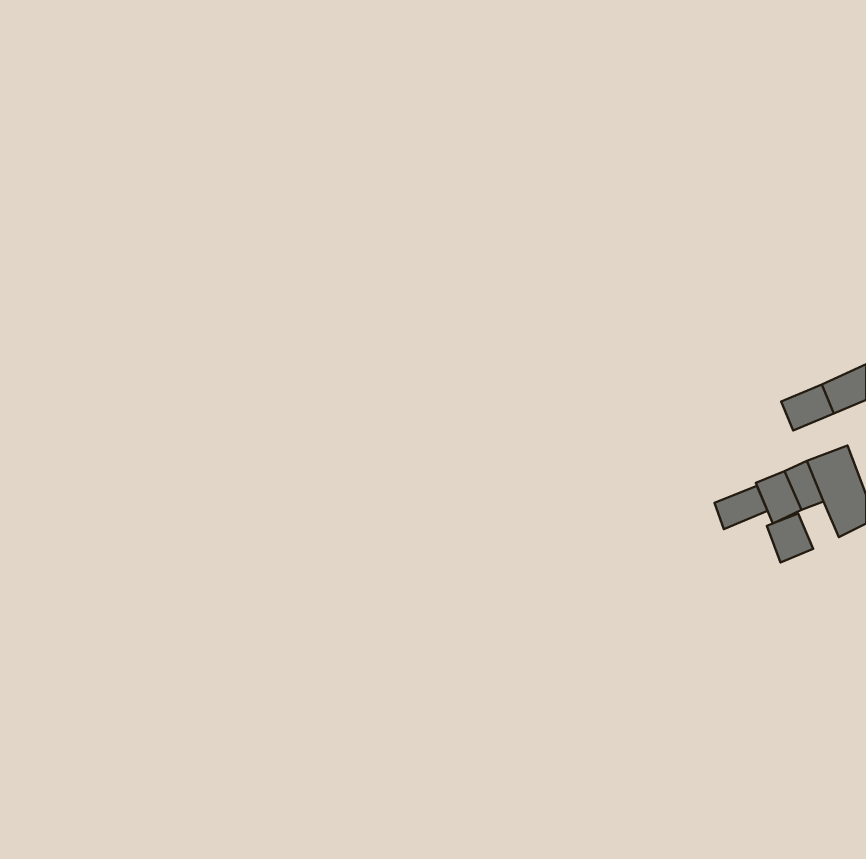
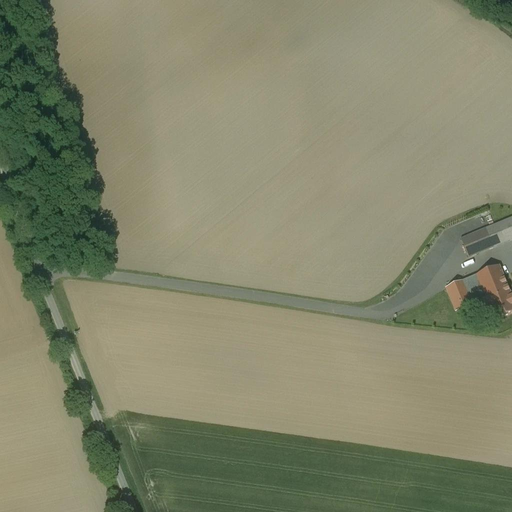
building: [715,486,768,529] -> none
building: [767,514,813,562] -> none

